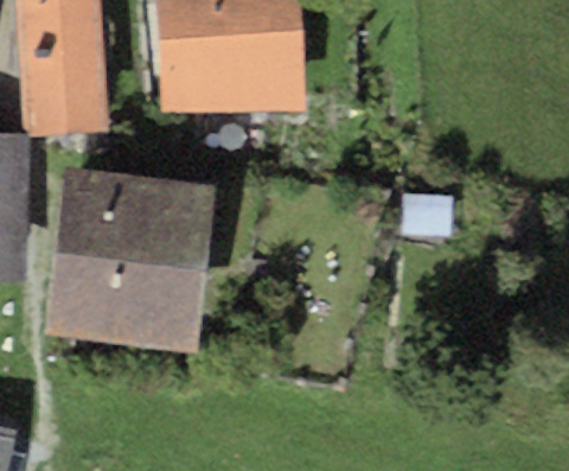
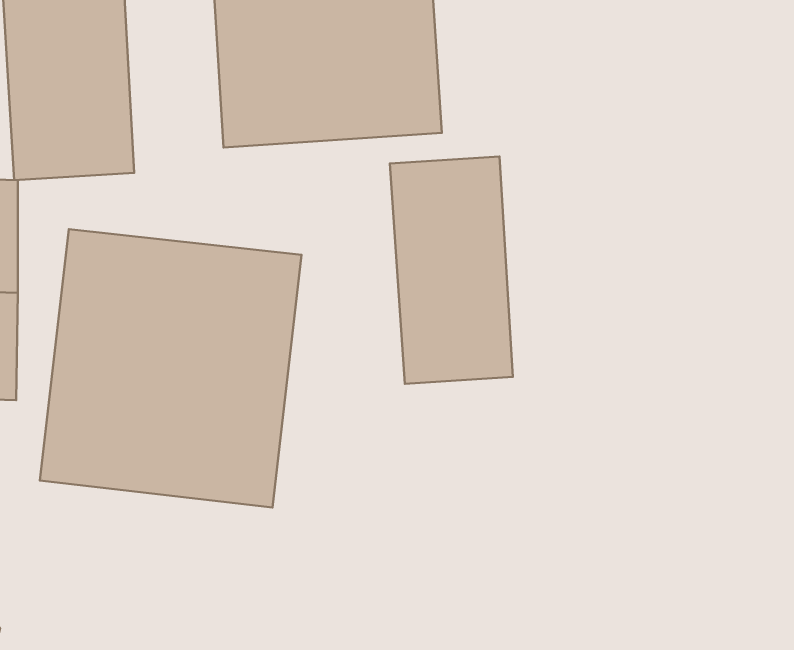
building: none -> [390,157,513,384]

